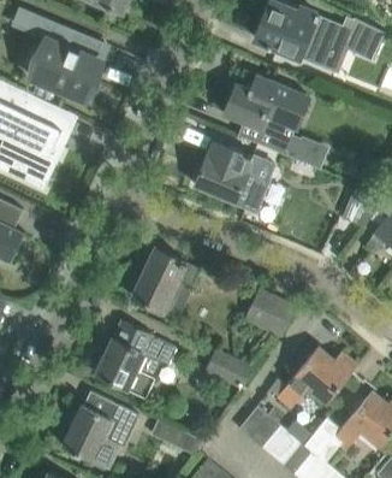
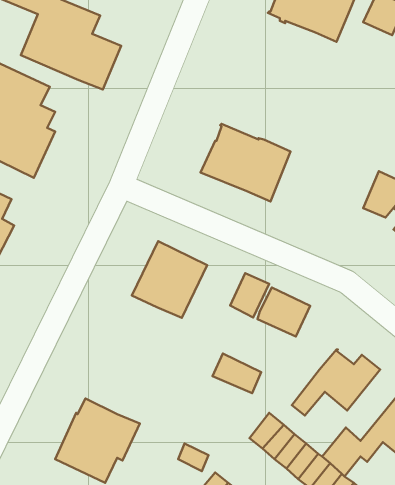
building: [224,73,327,169] -> none
building: none -> [230,273,269,317]
building: [95,323,174,397] -> none

